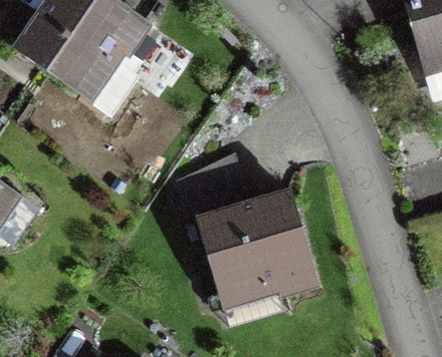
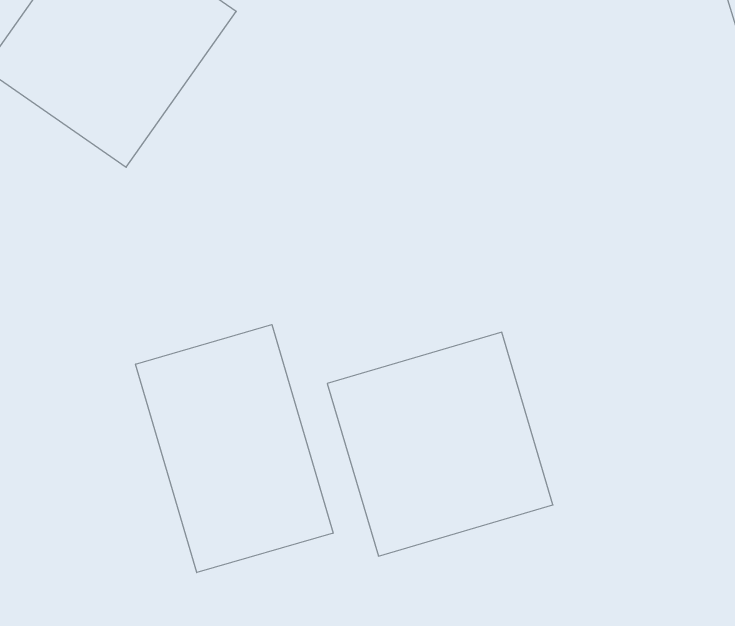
building: none -> [136,325,333,573]

